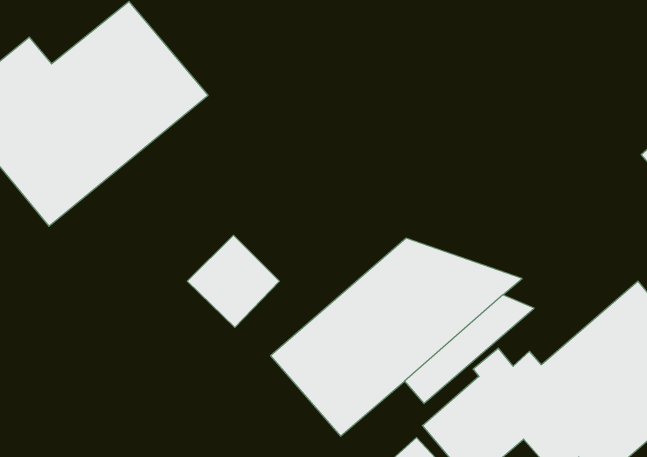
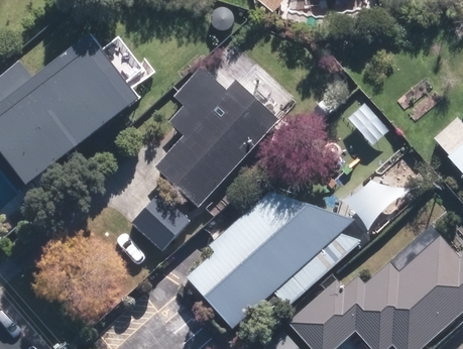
building: none -> [157,68,280,207]

